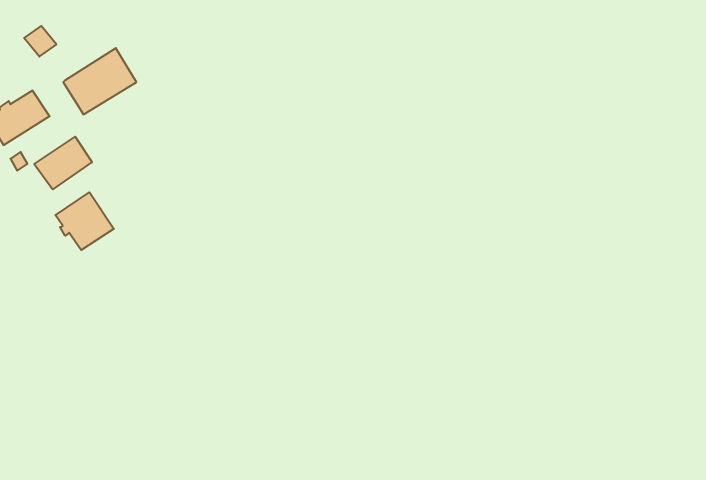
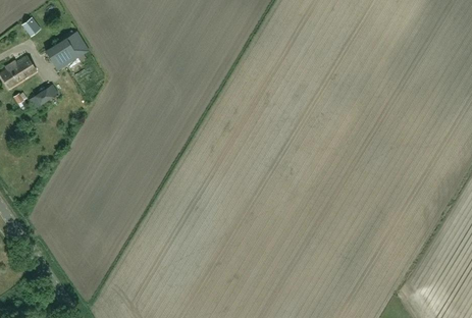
building: [55,192,114,250] -> none

